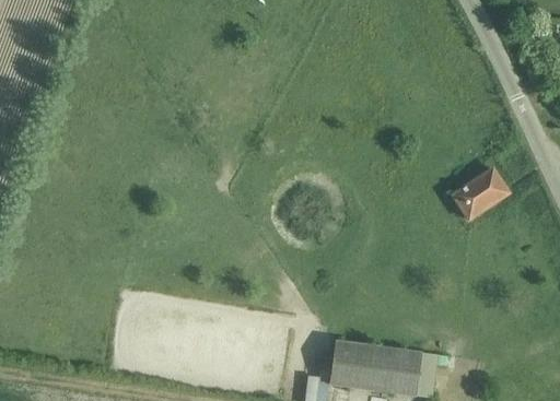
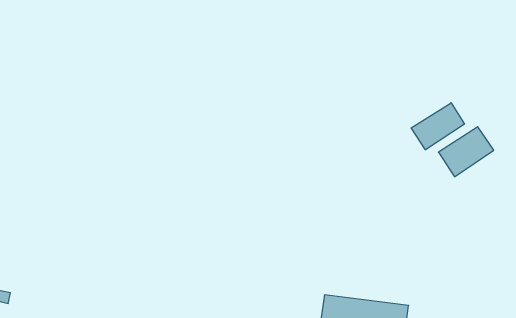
building: none -> [411,103,464,150]

